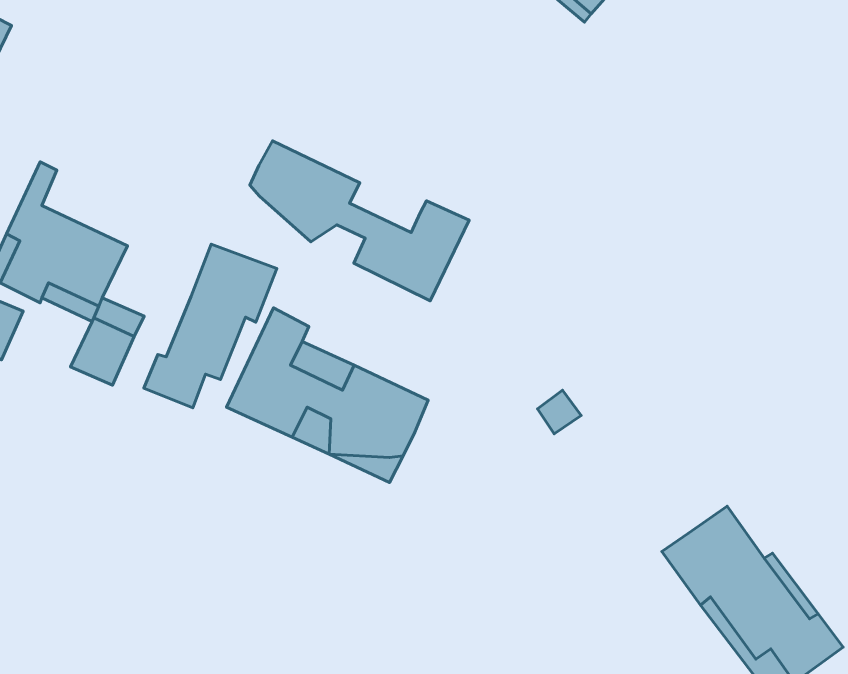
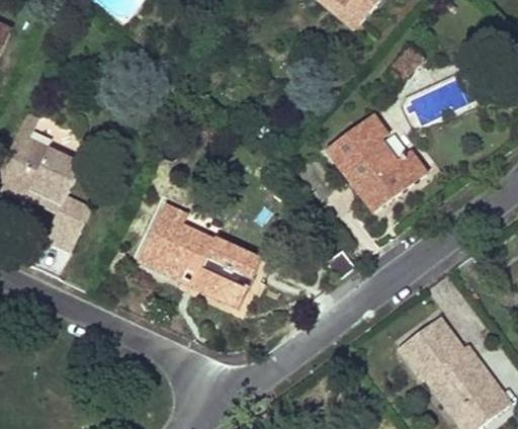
building: [250,141,469,301] -> none
building: none -> [325,113,425,209]
building: [144,244,277,408] -> none

